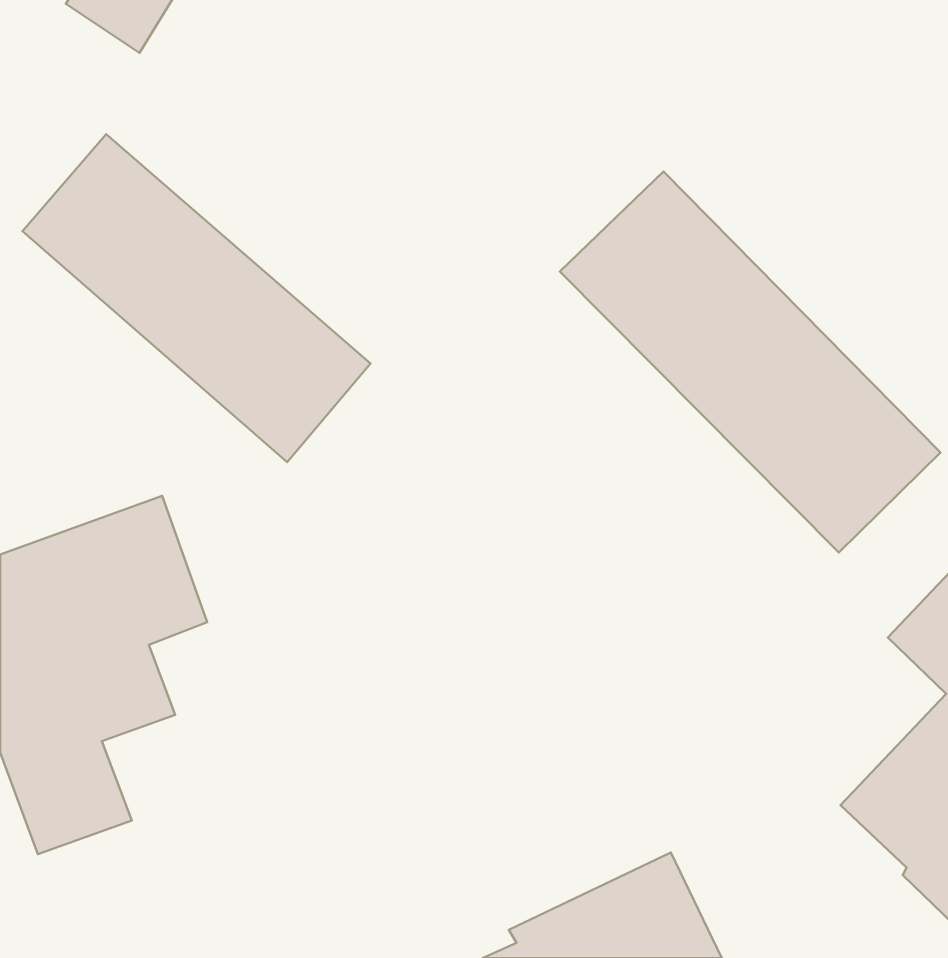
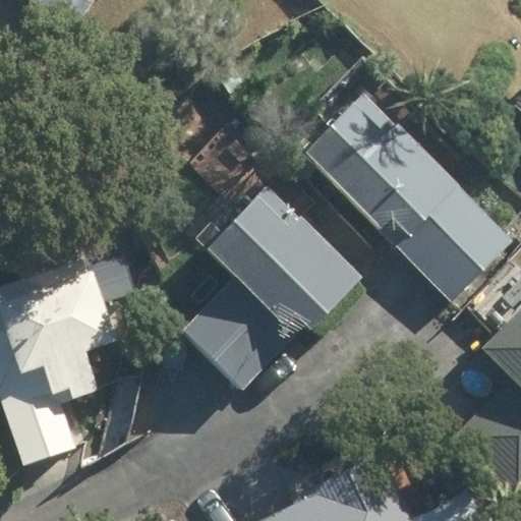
building: [23,134,371,462] -> none
building: none -> [178,194,346,393]

